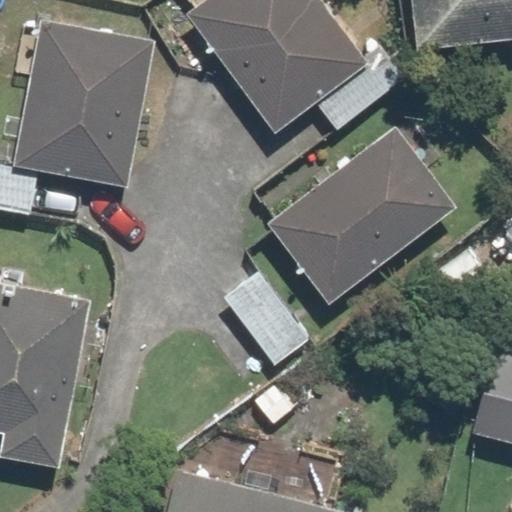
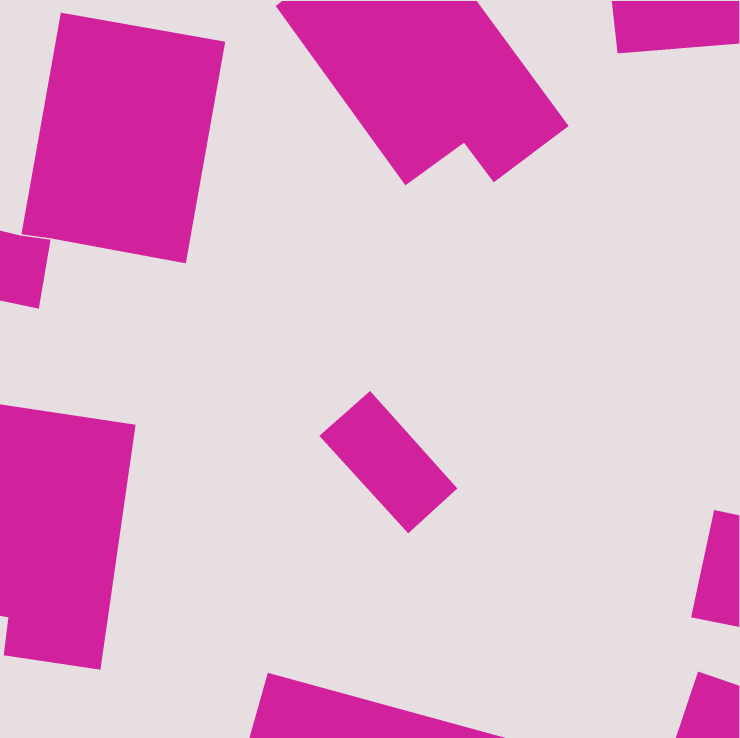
building: [256,123,455,305] -> none

